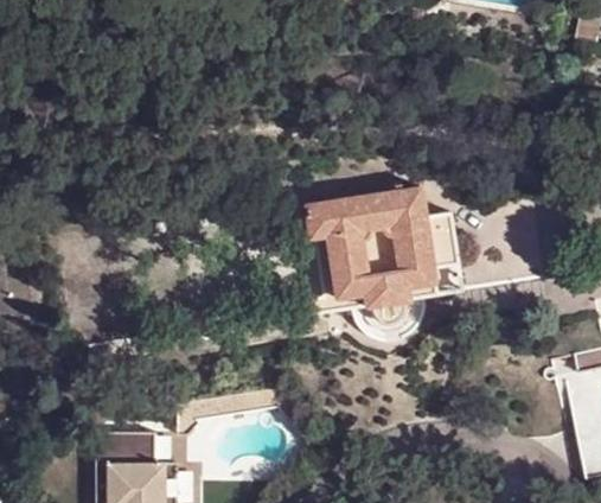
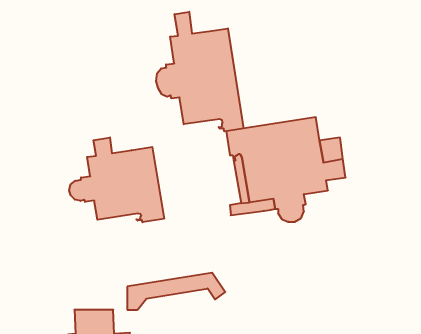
building: none -> [156,12,243,131]
building: none -> [69,137,164,222]

